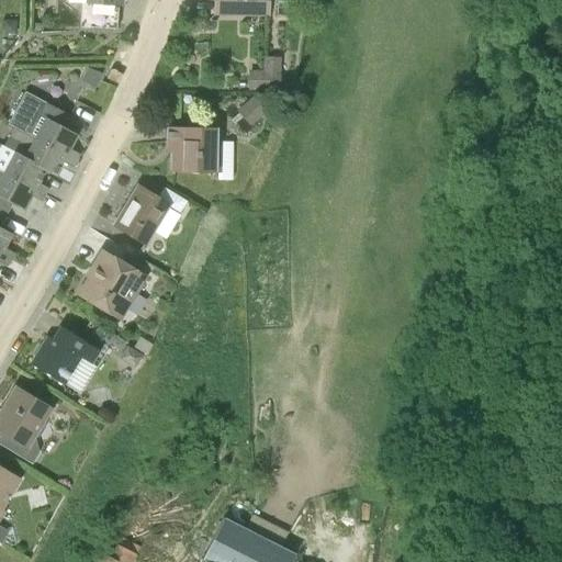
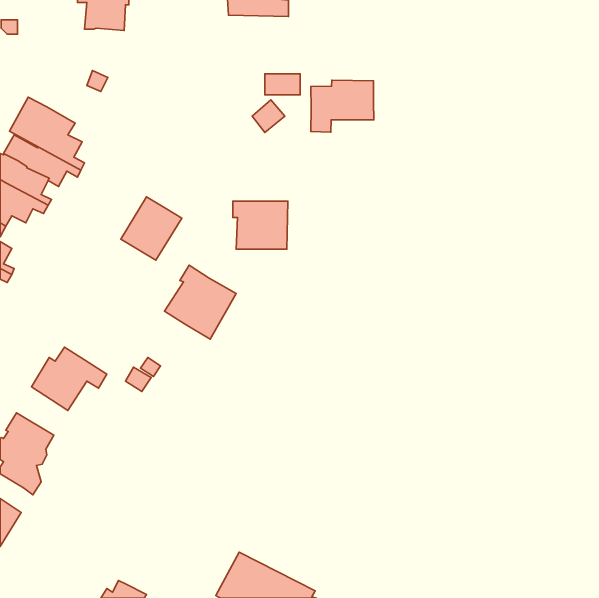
building: none -> [311,80,374,132]
building: [167,126,218,171] -> [233,201,288,249]
building: [79,250,146,319] -> [165,265,236,339]

